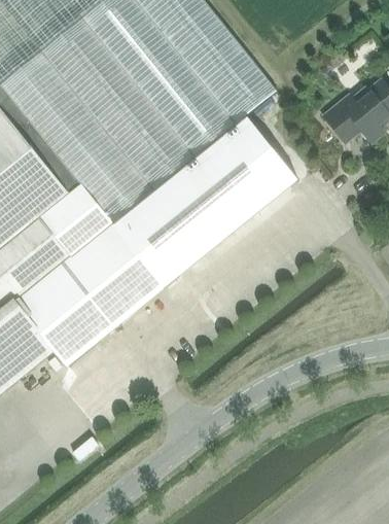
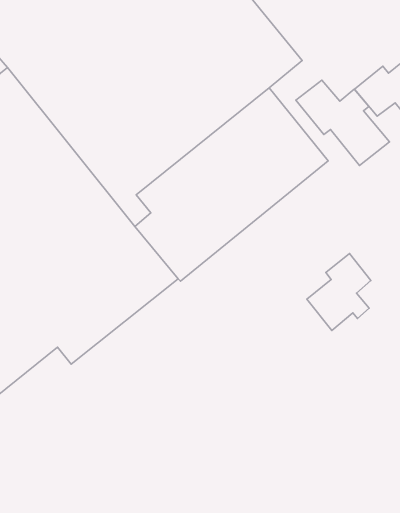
building: none -> [296,80,389,165]
building: none -> [307,253,371,331]

